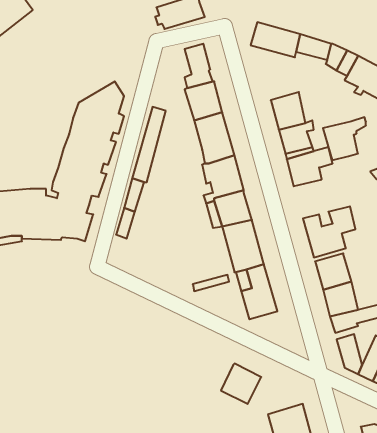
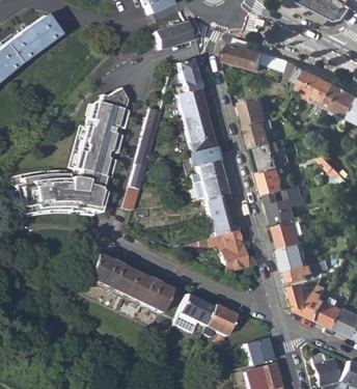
building: [323,117,366,160] -> [259,162,293,195]
building: none -> [84,256,170,316]
building: none -> [176,296,213,331]

